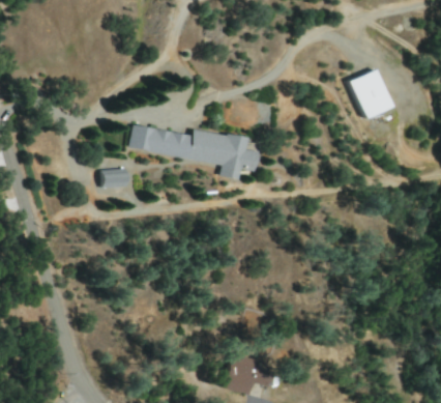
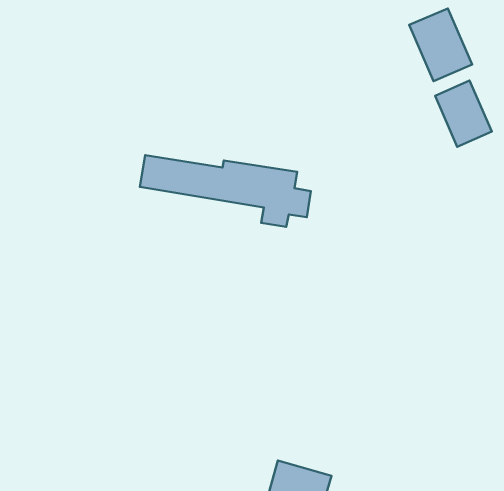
building: none -> [409,8,472,81]
building: [101,169,127,188] -> none

